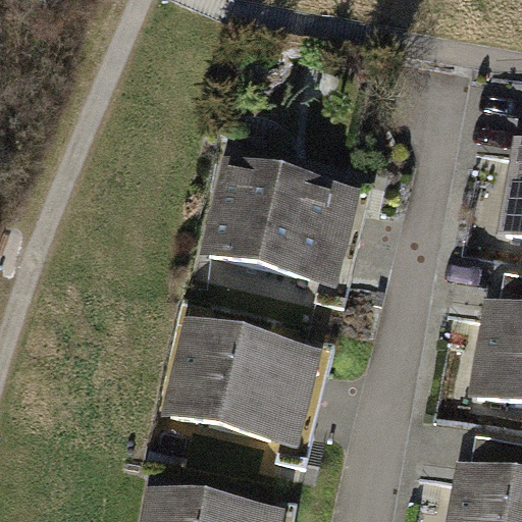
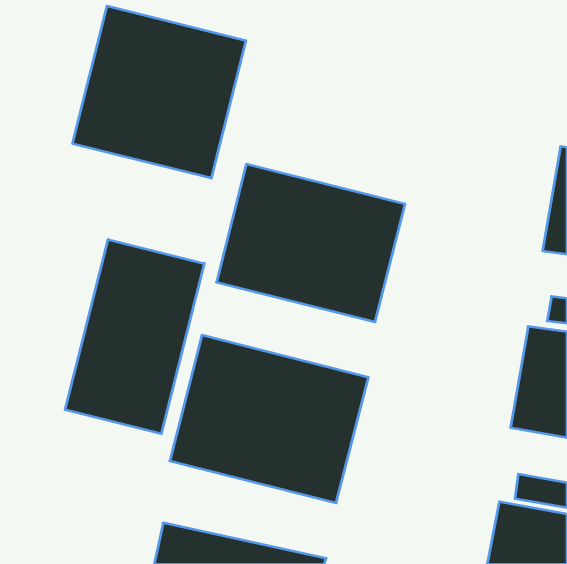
building: none -> [73,6,246,178]
building: none -> [65,239,204,434]

